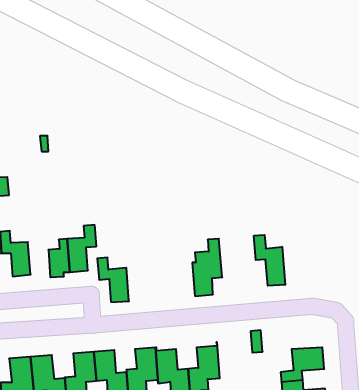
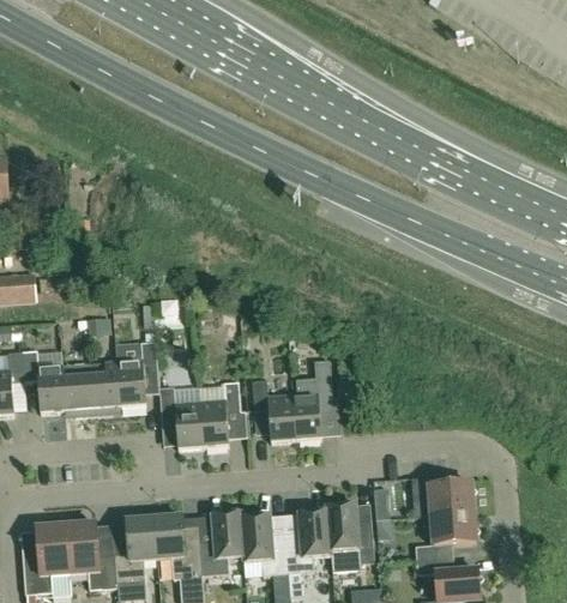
building: [254,235,285,286] -> none
building: none -> [61,361,92,415]
building: none -> [251,378,295,440]
building: none -> [199,380,240,446]
building: none -> [428,481,473,513]
building: none -> [326,501,374,562]

